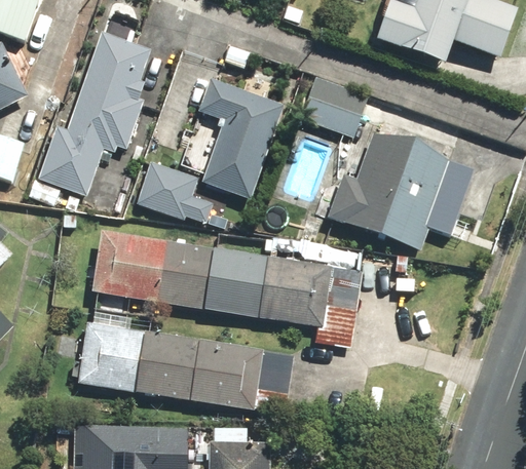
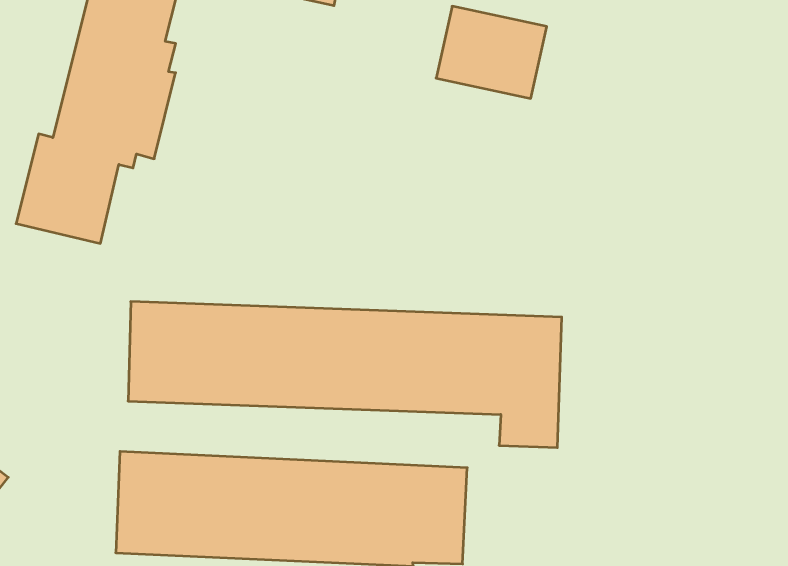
building: [201,79,284,199] -> none
building: [328,134,474,250] -> none
building: [134,162,212,222] -> none

